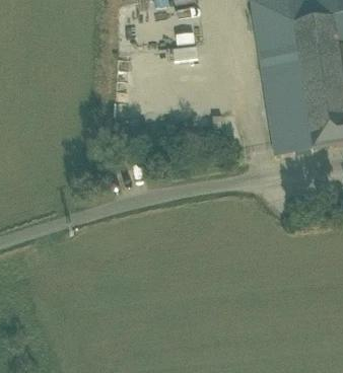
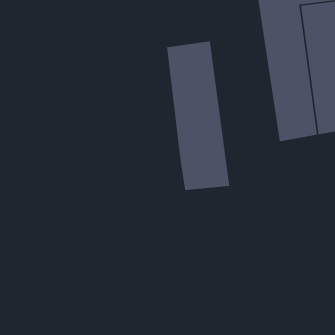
building: none -> [166,40,230,191]

